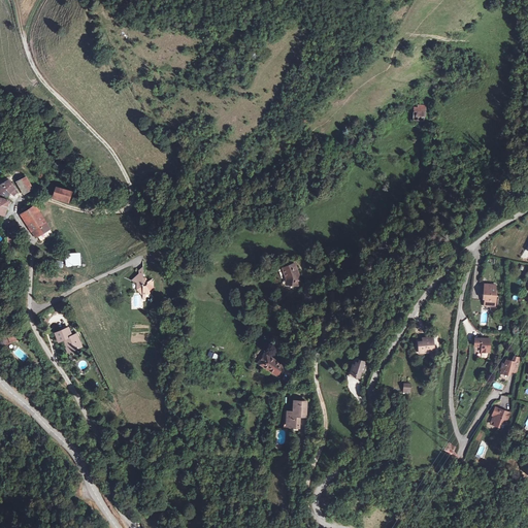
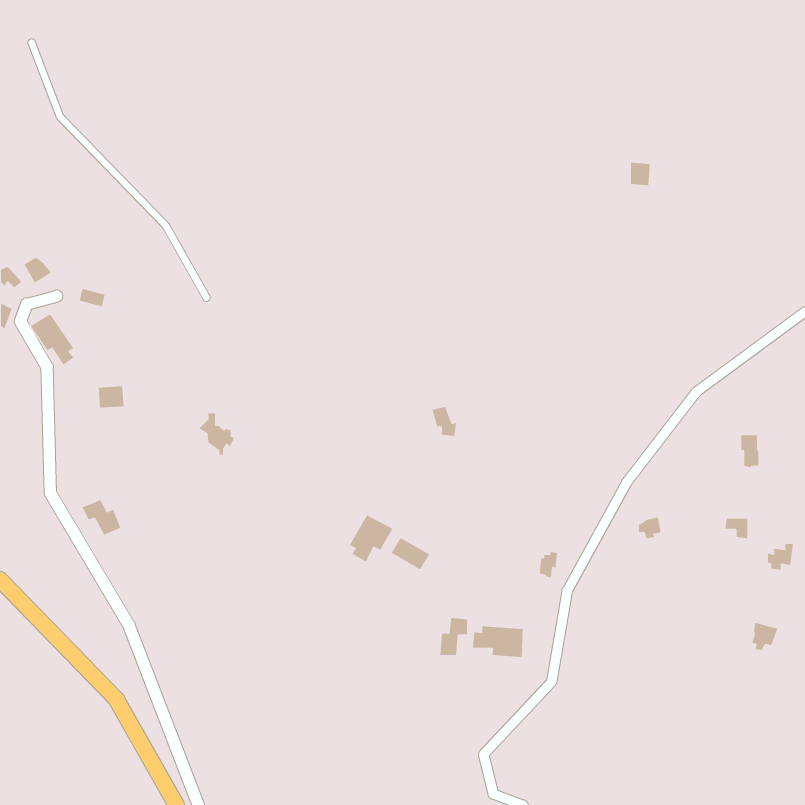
building: none -> [349,515,393,563]
building: none -> [473,626,523,658]

